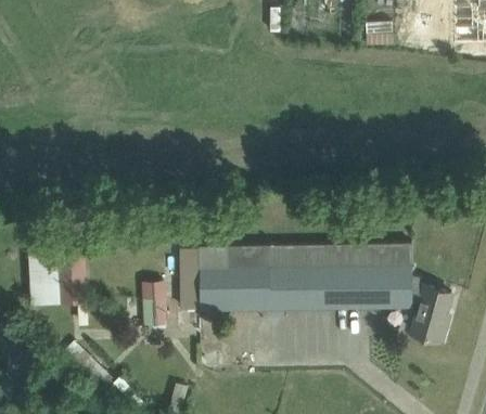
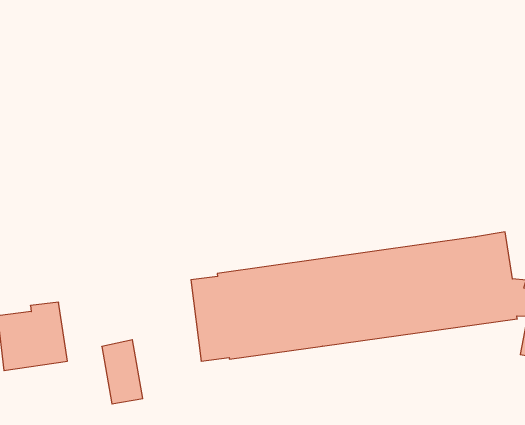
building: [141,282,166,326] -> [102,340,143,404]

